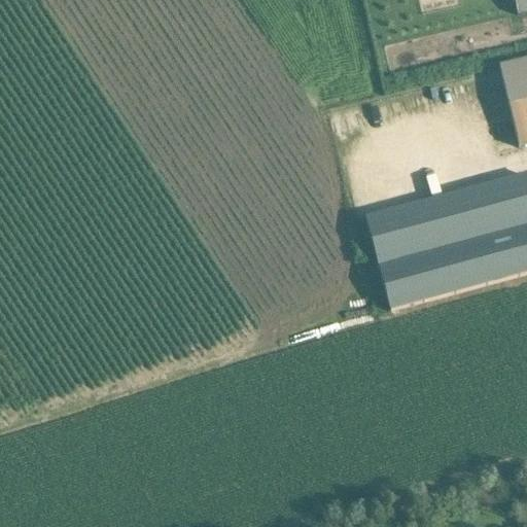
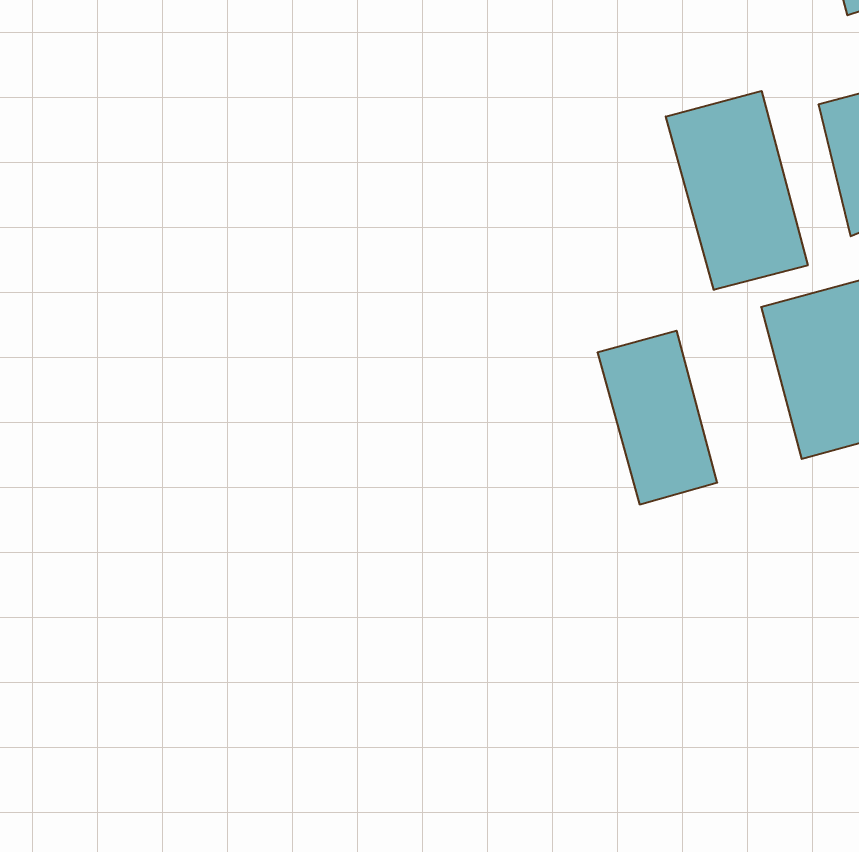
building: none -> [666,91,808,290]
building: [415,187,491,294] -> none

